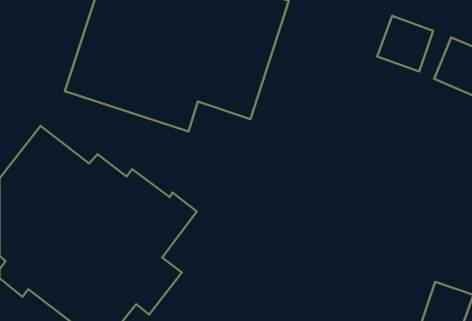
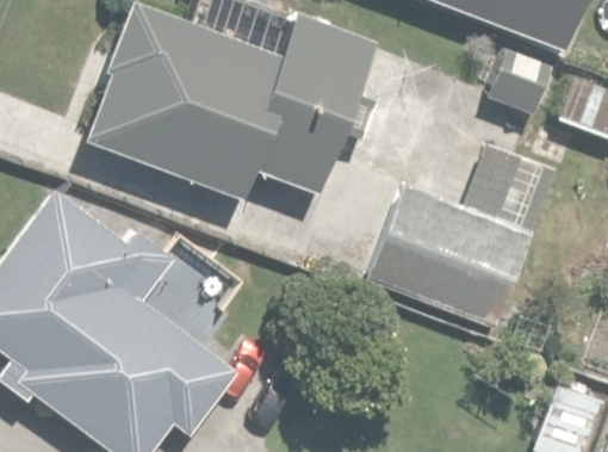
building: none -> [366,148,542,334]

